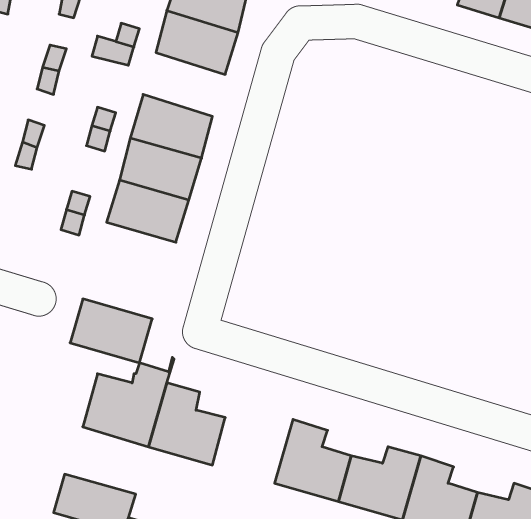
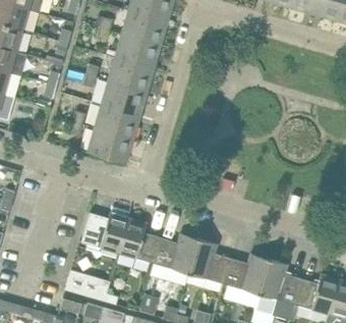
building: none -> [115,34,161,69]
building: [70,299,152,363] -> [88,128,133,164]
building: none -> [154,233,198,274]

